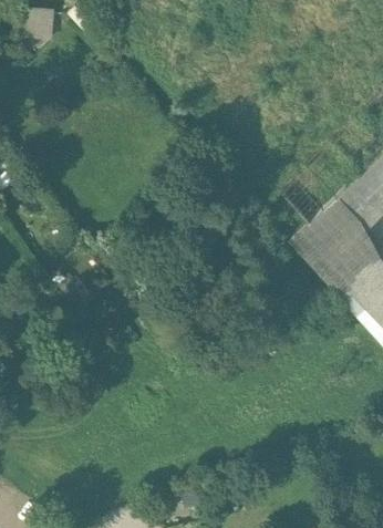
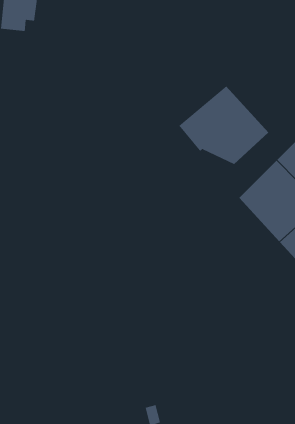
building: none -> [178,86,269,165]

